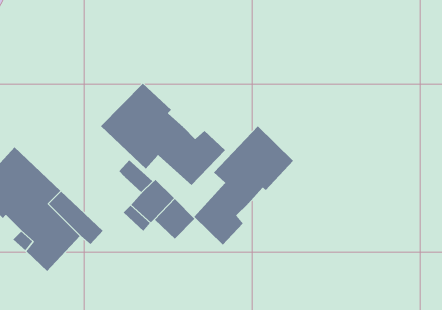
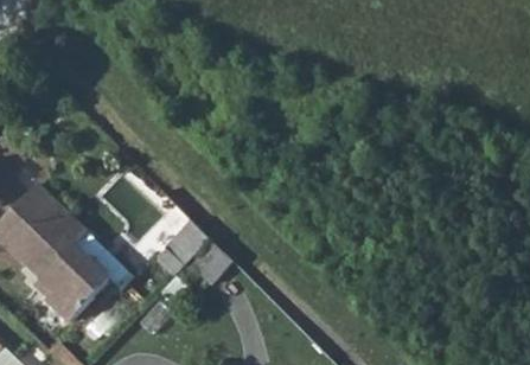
building: [100,83,226,186] -> none
building: [193,126,294,245] -> none

